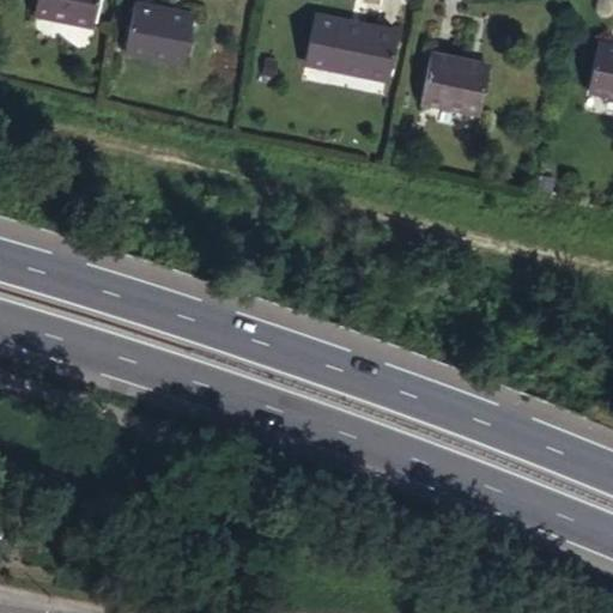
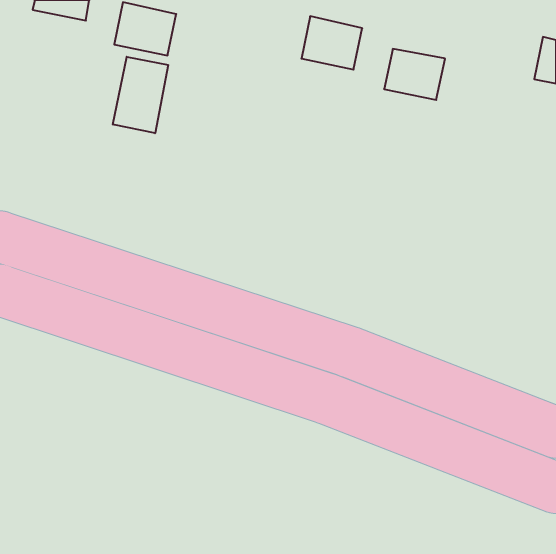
building: [305,14,341,66] -> none
building: none -> [113,57,168,133]

